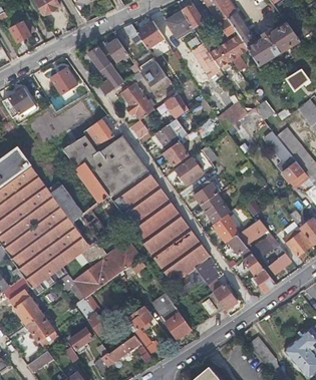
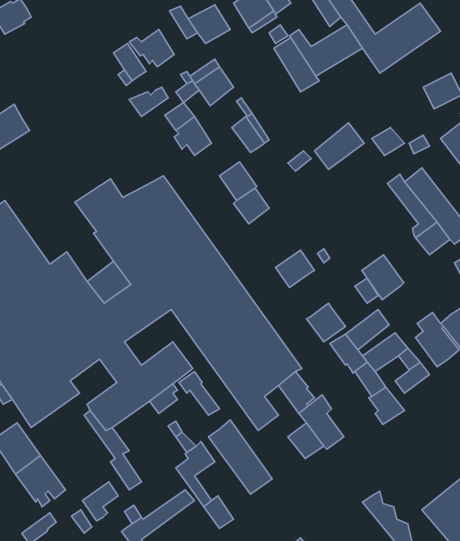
building: [49,67,77,94] -> none
building: [84,118,113,146] -> none
building: [176,155,204,183] -> none
building: [202,195,229,224] -> [362,255,404,300]

